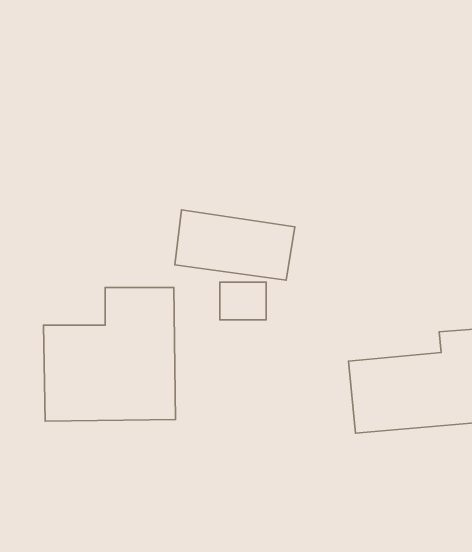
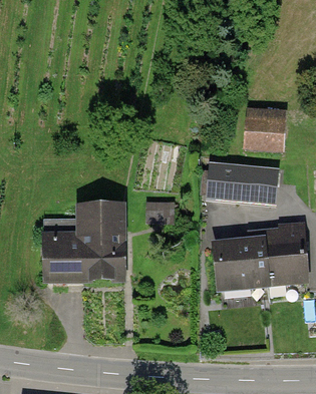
building: none -> [241,112,282,153]
building: [175,210,295,280] -> [206,161,276,203]

